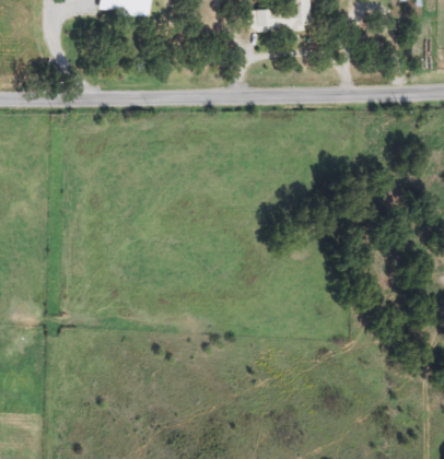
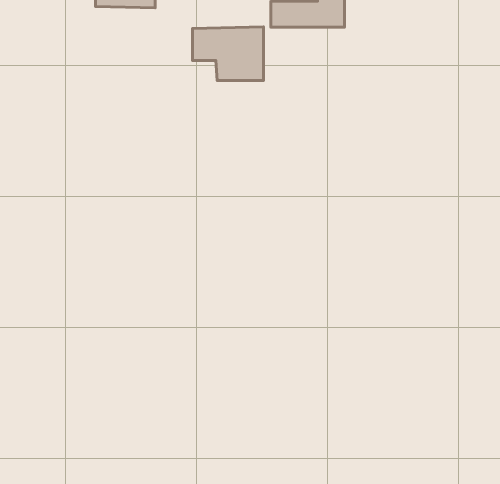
building: none -> [193,27,264,81]

